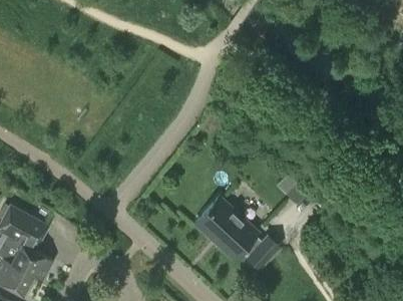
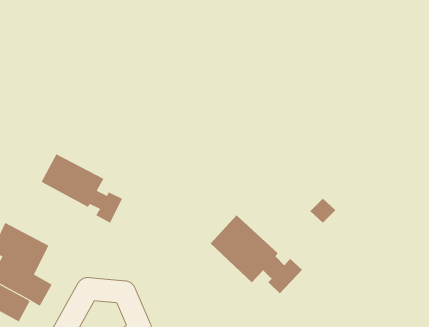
building: none -> [41,154,123,223]

